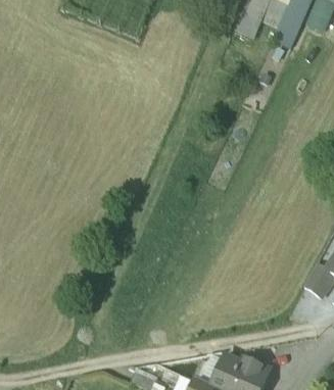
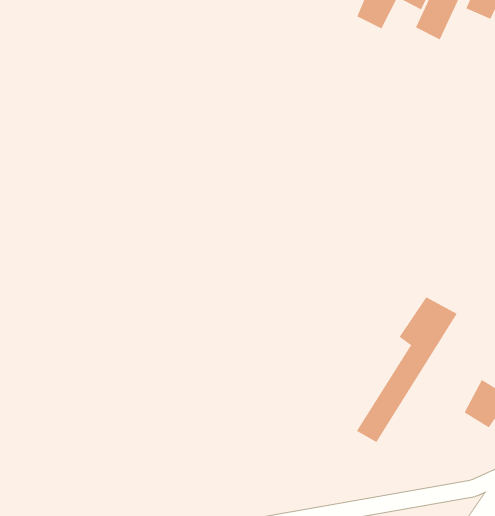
building: none -> [356,296,457,443]

